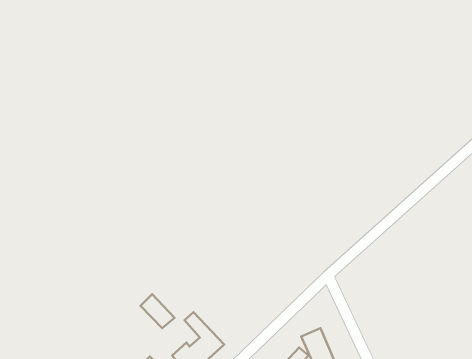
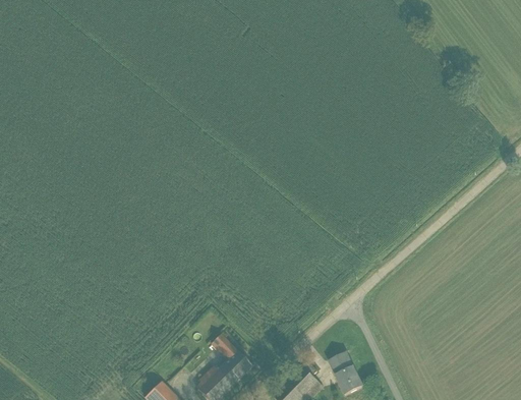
building: [140,294,174,328] -> none

